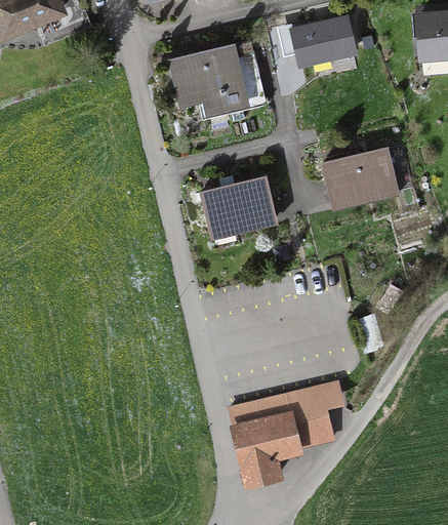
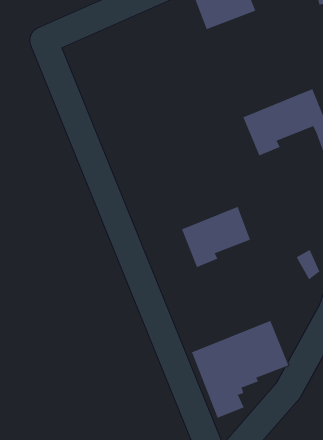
building: [169,44,257,115] -> none
building: [201,179,274,239] -> [181,206,251,268]

